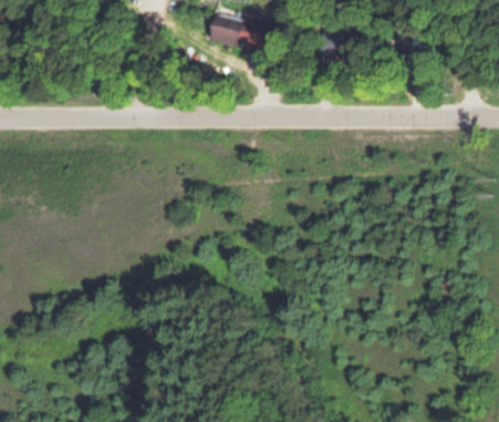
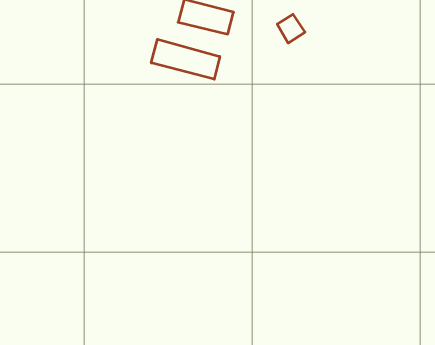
building: none -> [151,39,220,79]

